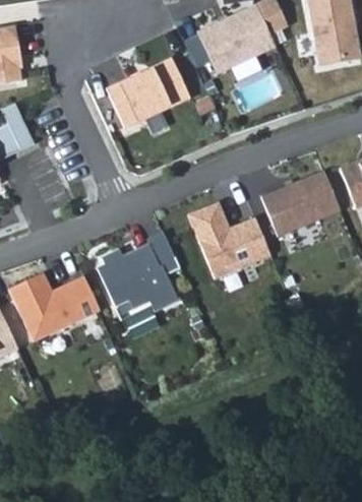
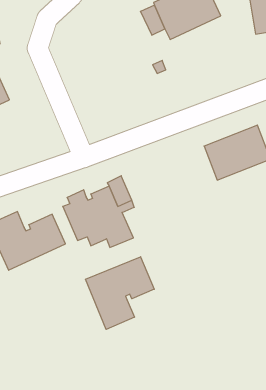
building: [111,56,195,126] -> none
building: [191,204,273,280] -> none
building: none -> [86,257,154,329]

